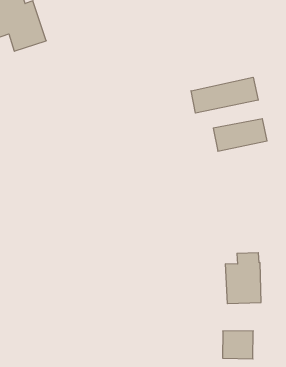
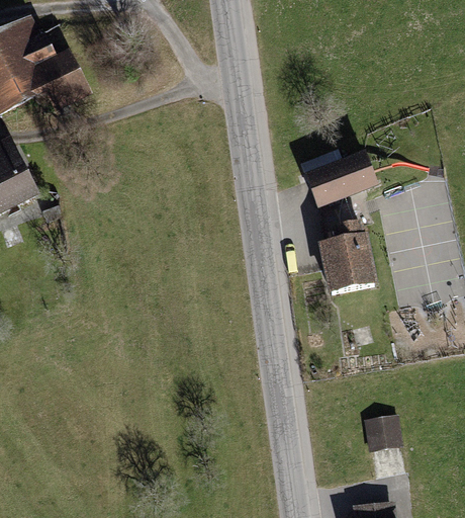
building: [191,77,258,113] -> none
building: [225,253,261,304] -> [321,218,373,286]

